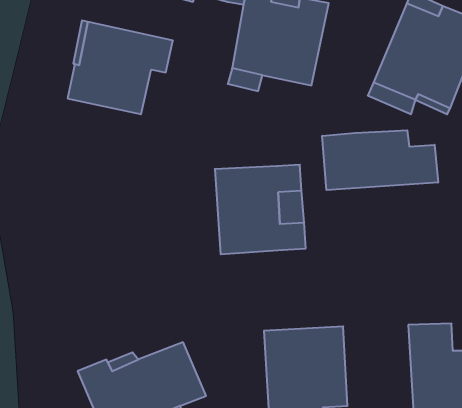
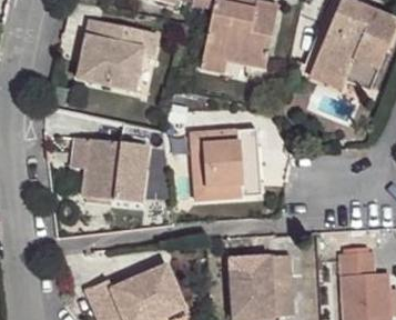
building: [322,130,438,190] -> none
building: none -> [70,137,149,203]

